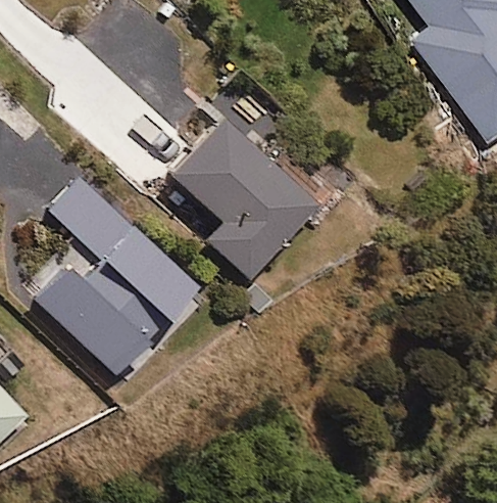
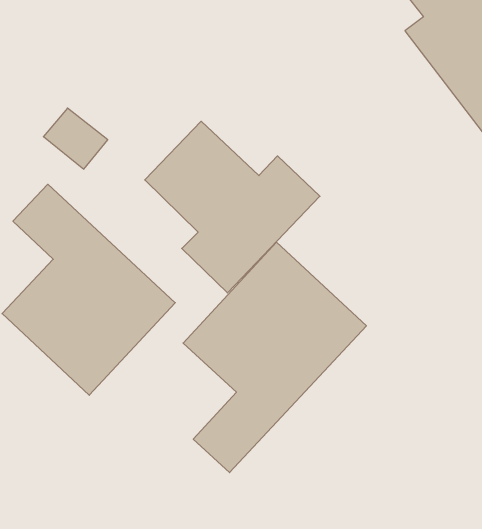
building: none -> [183,242,366,473]

